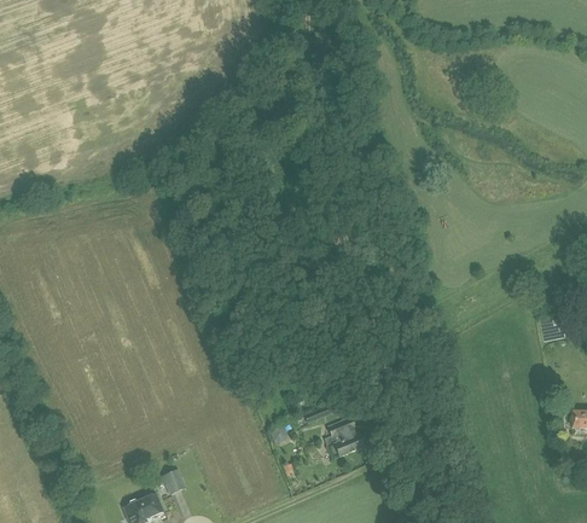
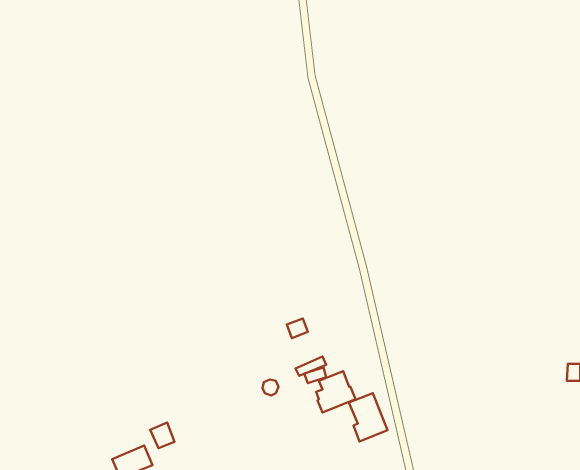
building: none -> [349,393,388,441]

